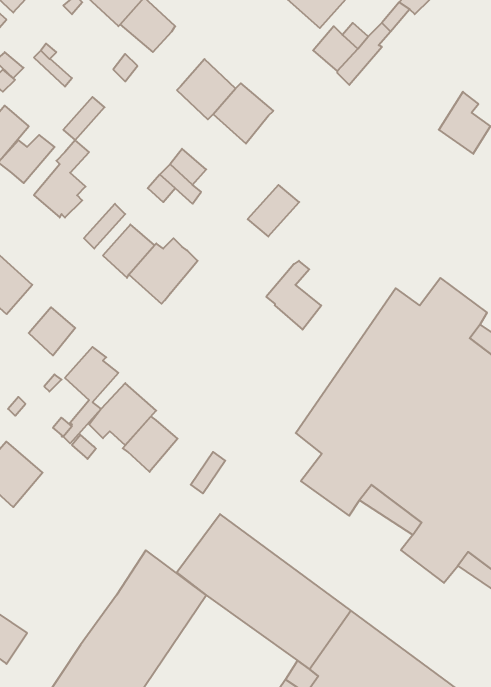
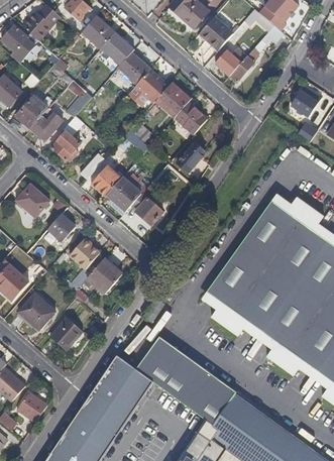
building: none -> [117,51,150,84]
building: none -> [175,101,207,133]
building: [266,261,321,330] -> [130,184,162,224]
building: [123,417,178,472] -> none
building: none -> [49,316,83,350]

